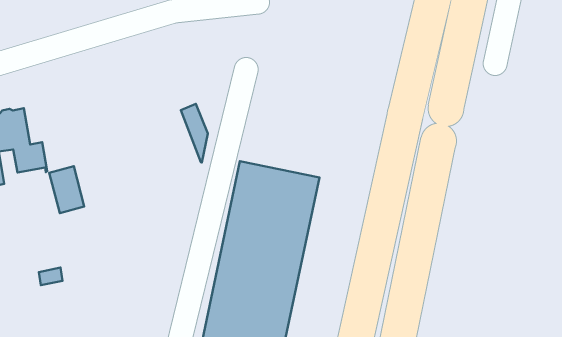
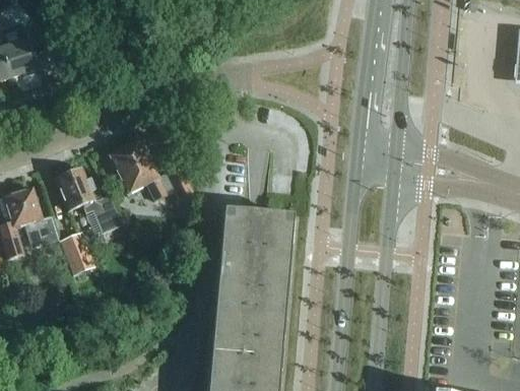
building: none -> [110,140,168,200]
building: none -> [57,169,124,233]

